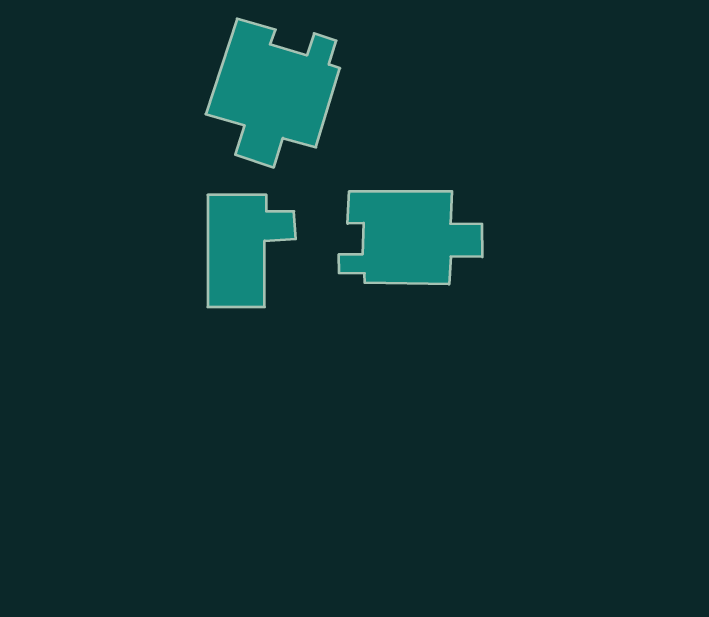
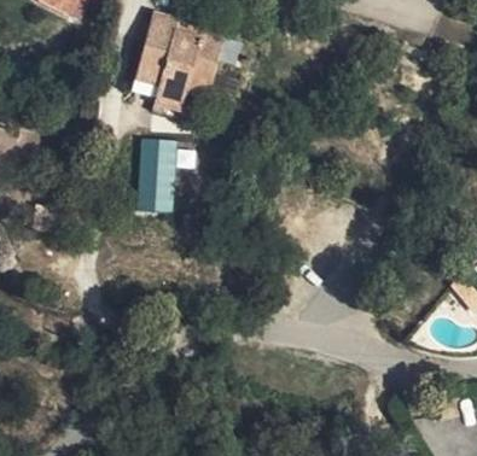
building: [339,191,482,284] -> none

